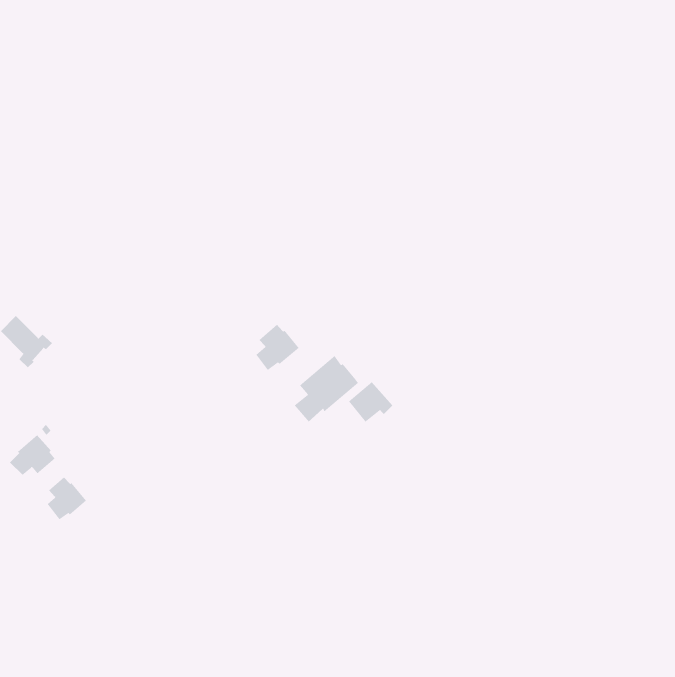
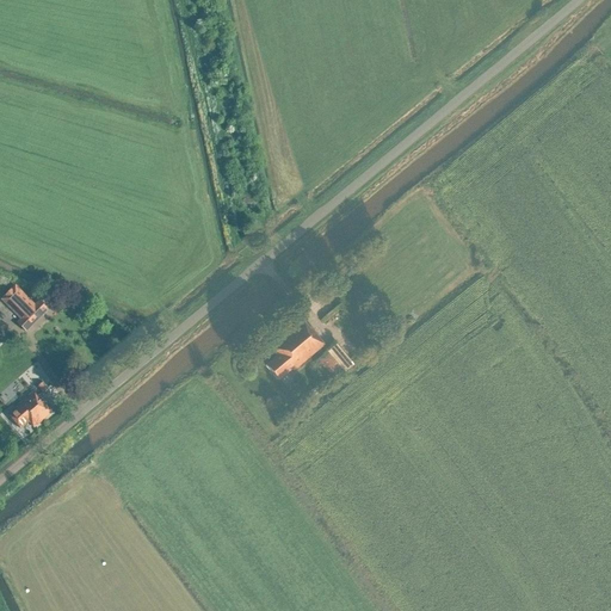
building: [256,324,299,371] -> none
building: [47,476,87,520] -> none

